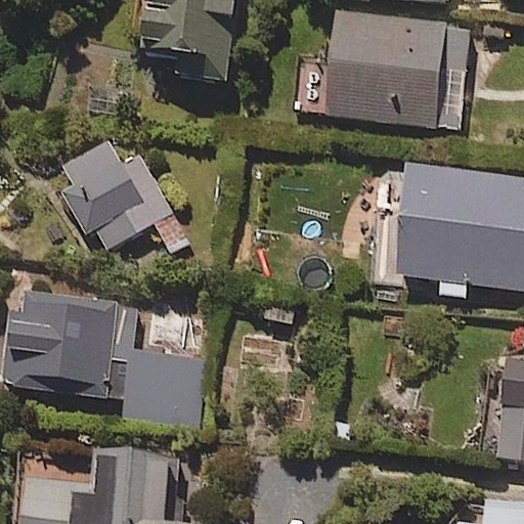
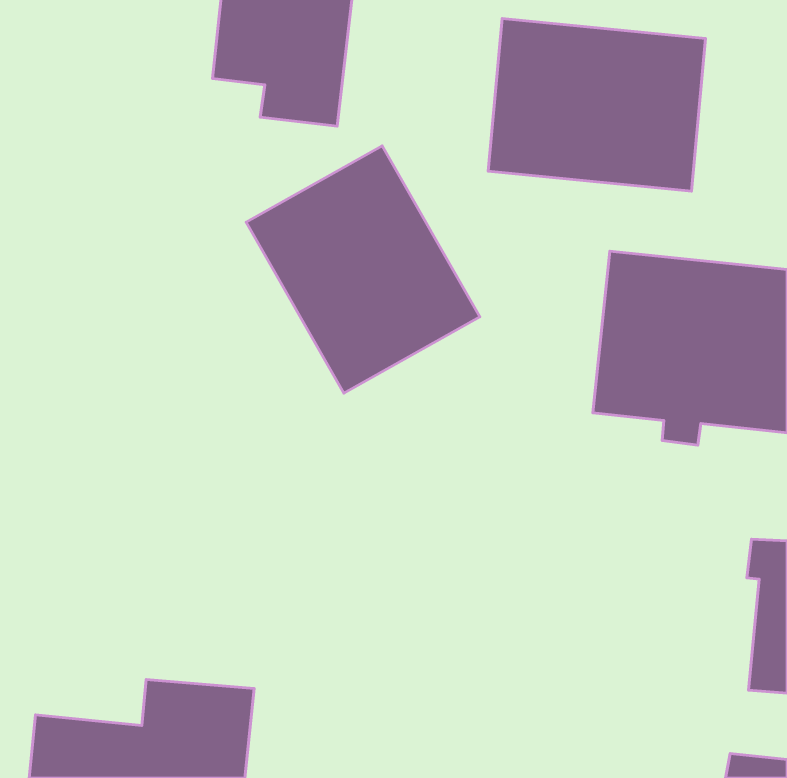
building: none -> [246,146,480,393]
building: [63,130,189,254] -> none
building: [7,291,202,420] -> none

